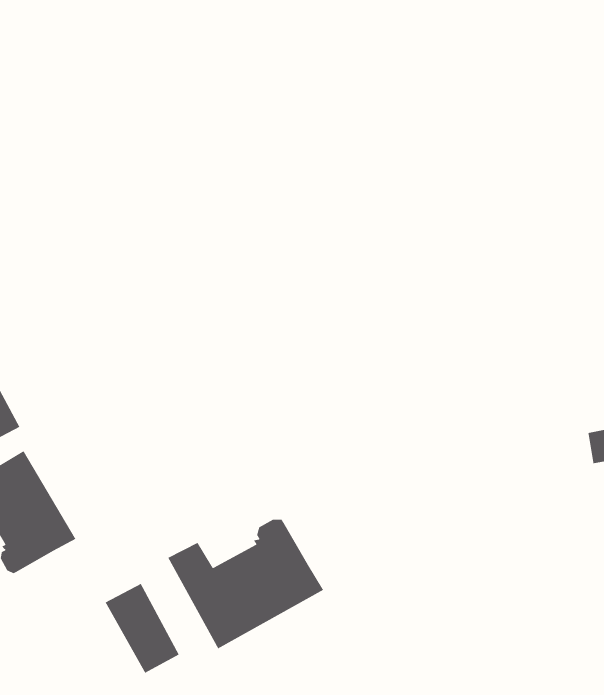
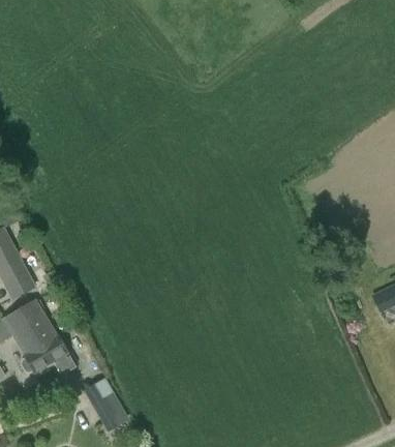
building: [167,519,324,650] -> none

